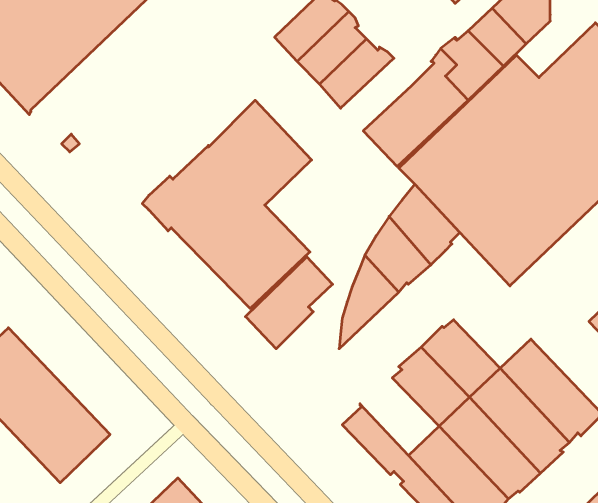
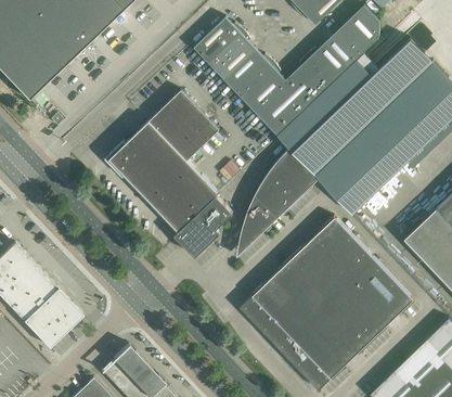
building: none -> [238,62,286,111]
building: none -> [314,216,366,270]
building: none -> [251,277,305,329]

